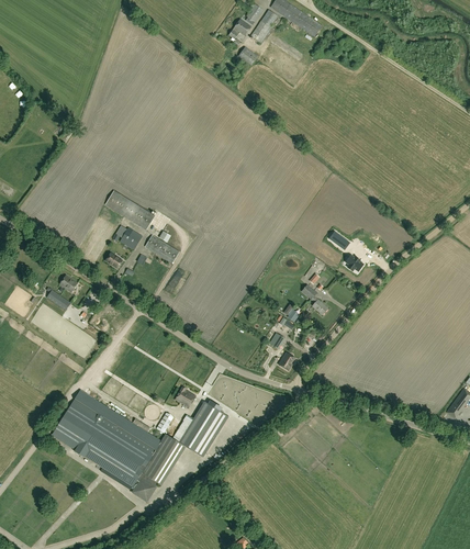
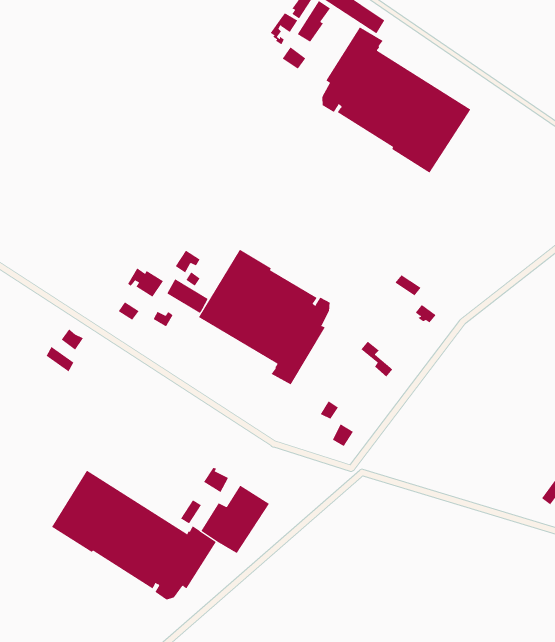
building: none -> [322,27,471,174]
building: [105,191,155,229] -> none
building: none -> [198,249,330,385]

